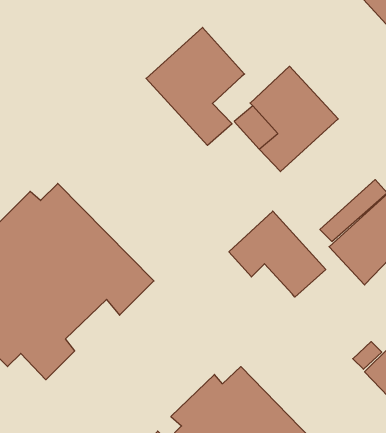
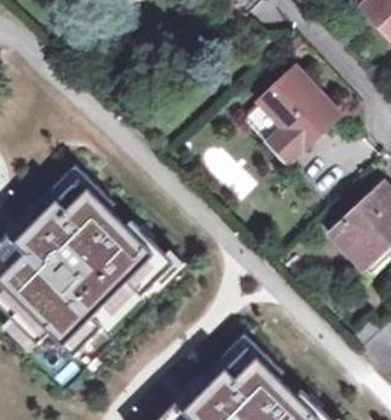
building: [146,27,245,145] -> none
building: [229,211,326,297] -> none

